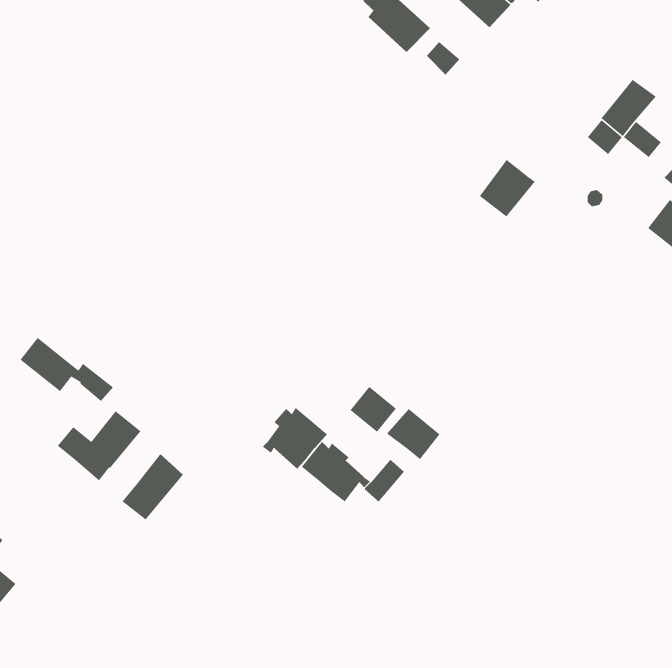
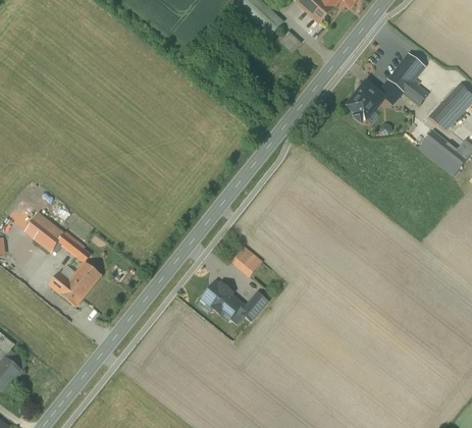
building: [479,159,536,217] -> [347,82,382,118]
building: [262,407,328,469] -> none
building: [386,408,441,460] -> none
building: [121,453,184,522] -> none

